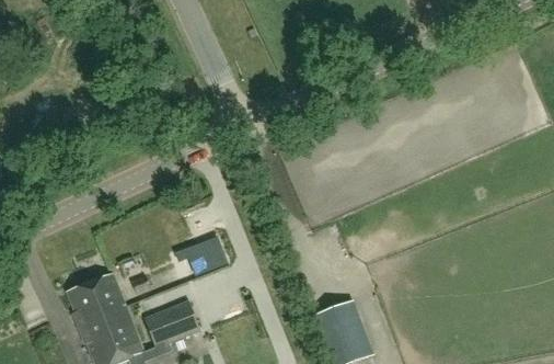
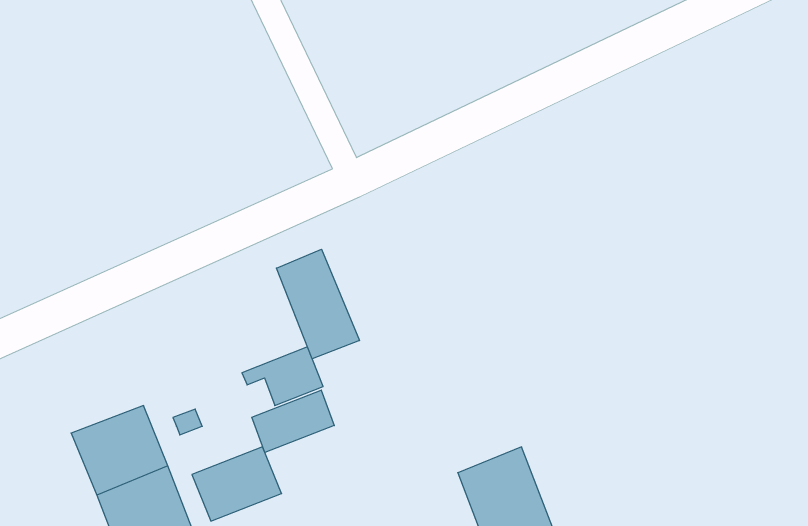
building: none -> [276,249,359,359]
building: none -> [252,390,334,453]

